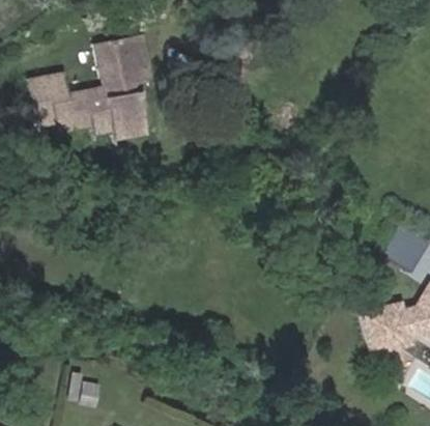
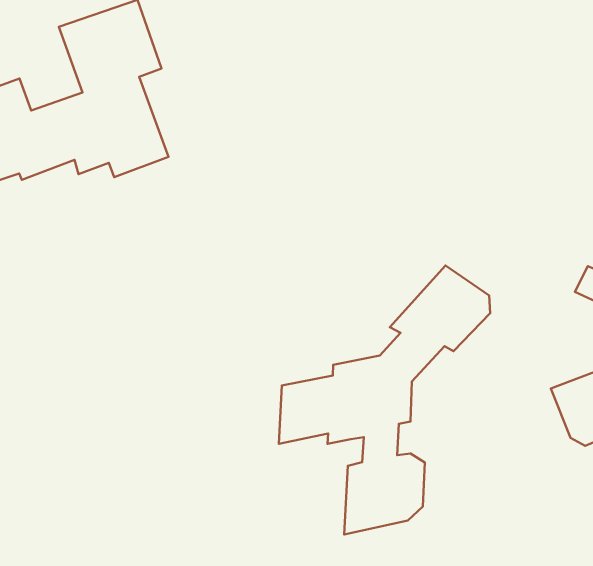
building: none -> [279,266,490,535]

